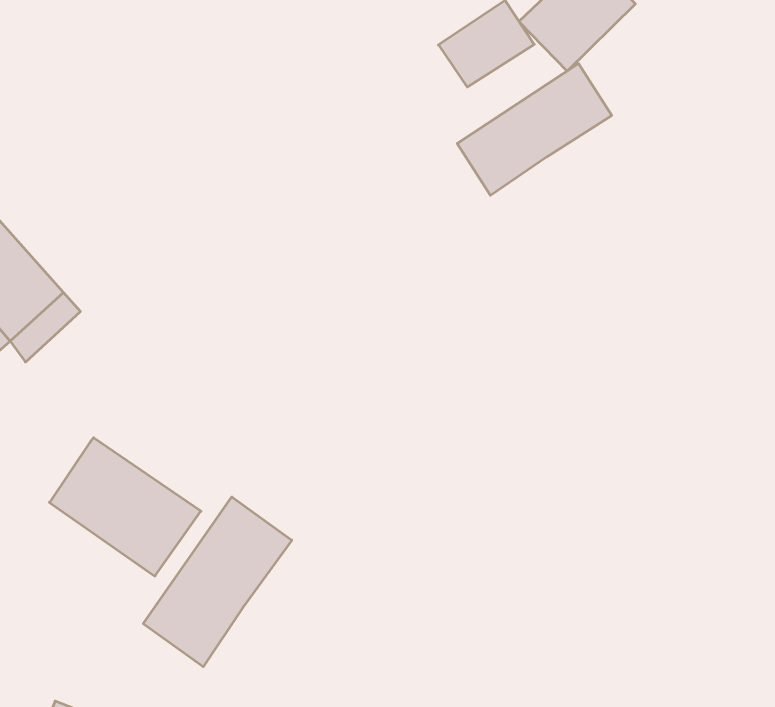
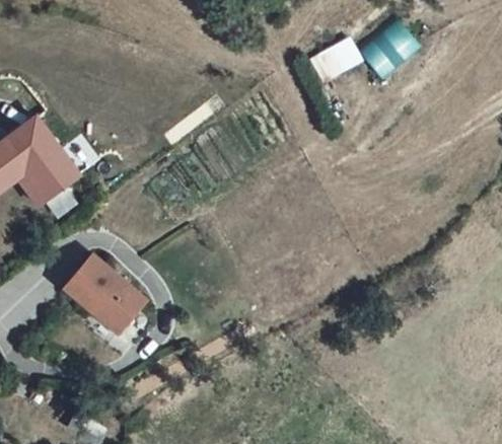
building: [457,64,612,195] -> none
building: [143,497,292,667] -> none

